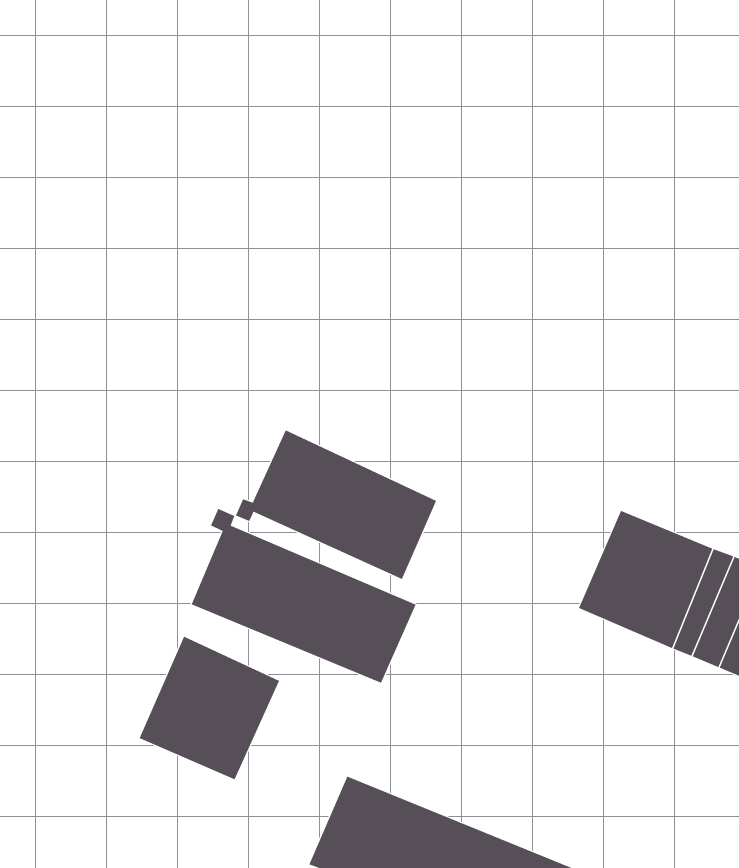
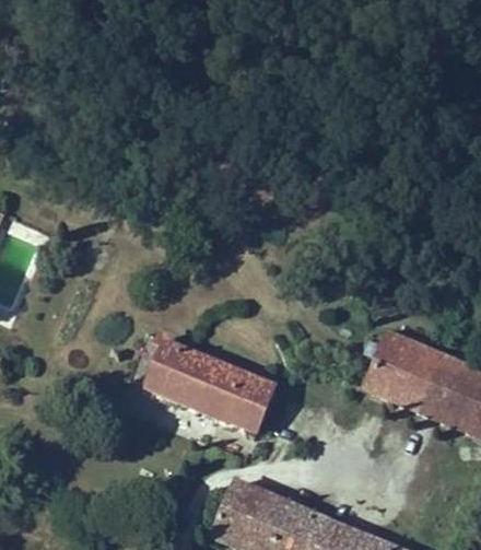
building: [235,429,437,580] -> none
building: [139,636,280,780] -> none

